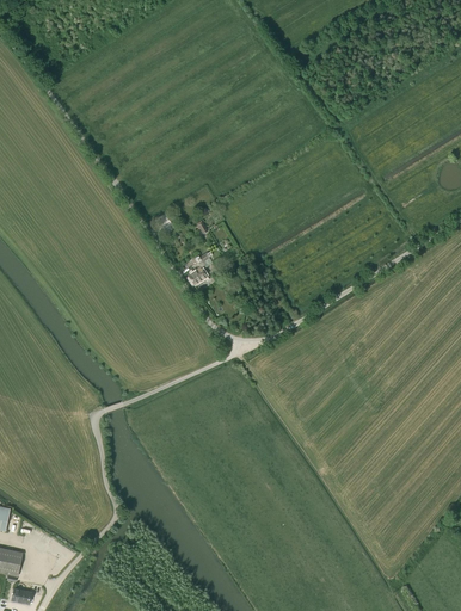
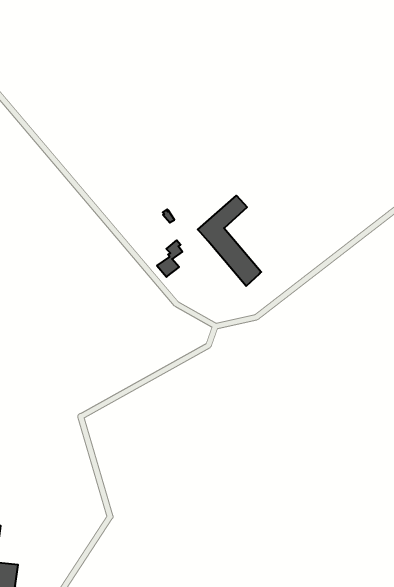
building: none -> [198,196,261,286]

